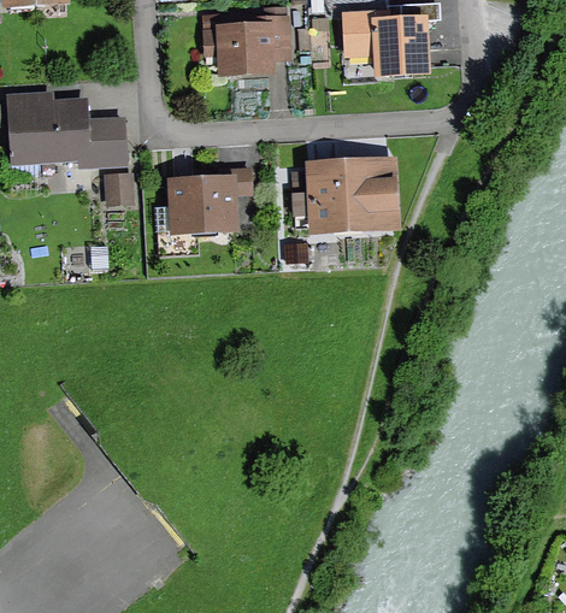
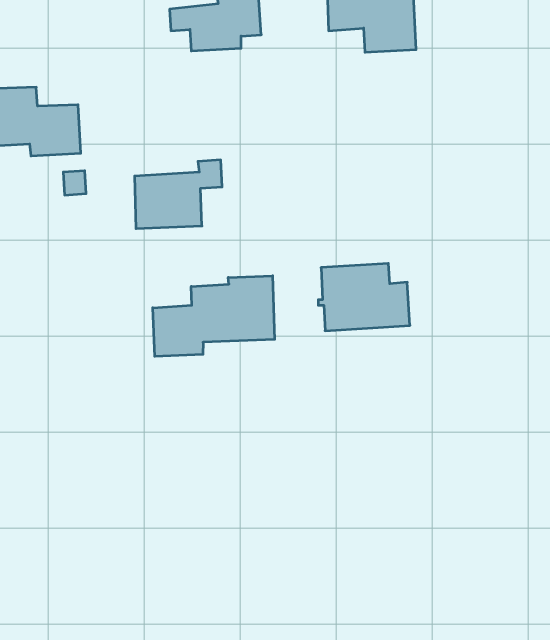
building: [311,166,393,226] -> [318,263,410,331]
building: none -> [153,276,275,356]

